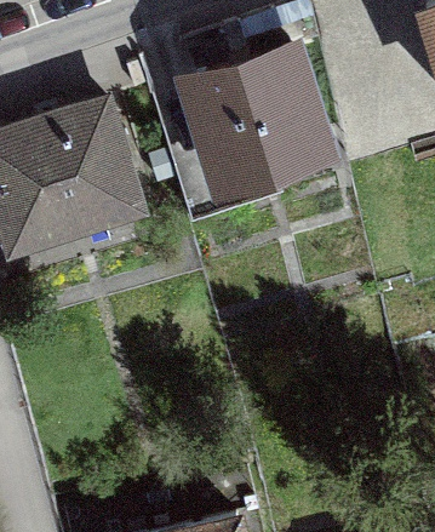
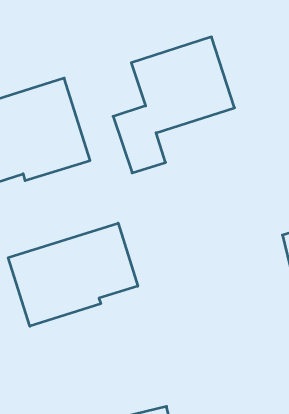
building: none -> [8,223,138,326]

